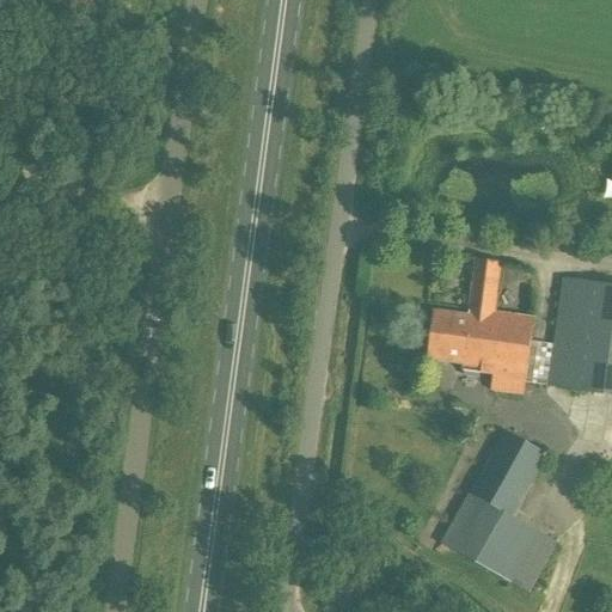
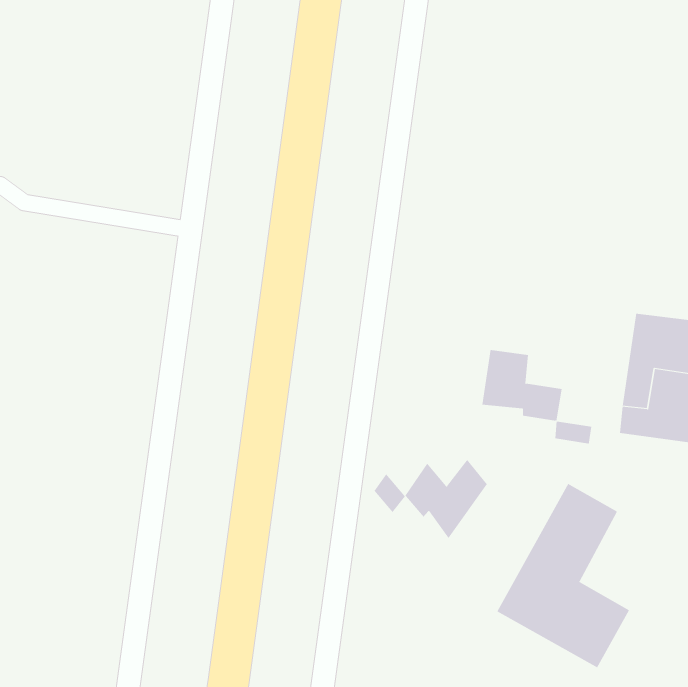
building: [467,258,536,378] -> none
building: none -> [374,459,487,539]

